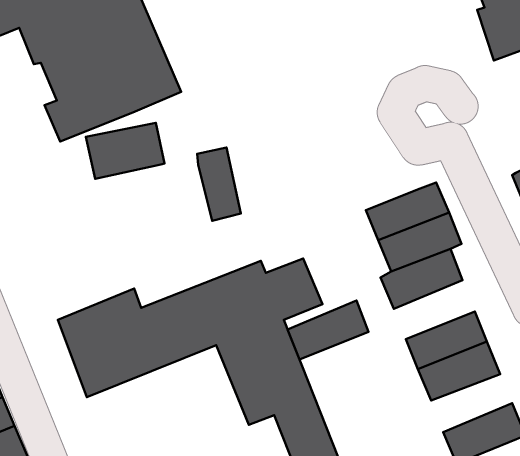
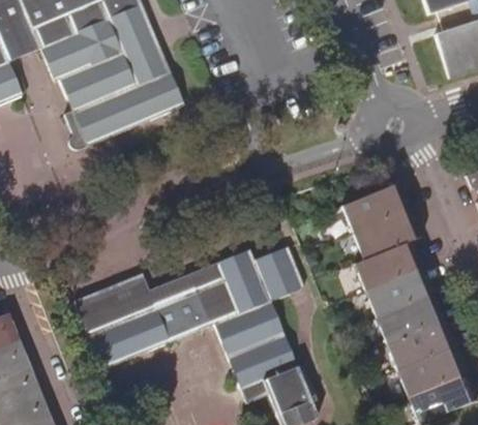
building: [86,123,164,179] -> none
building: [197,147,241,221] -> none
building: [288,300,369,360] -> [364,266,434,316]
building: none -> [396,346,466,396]

